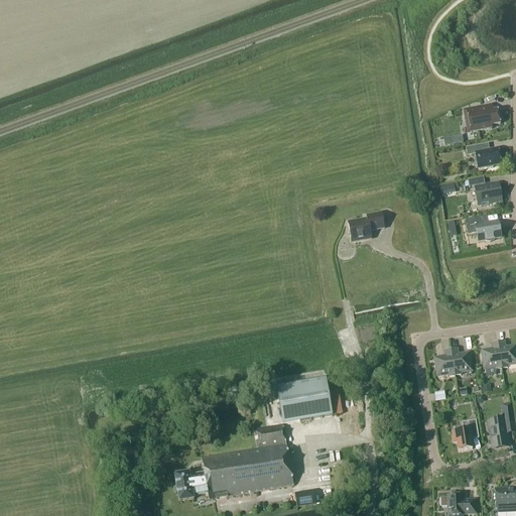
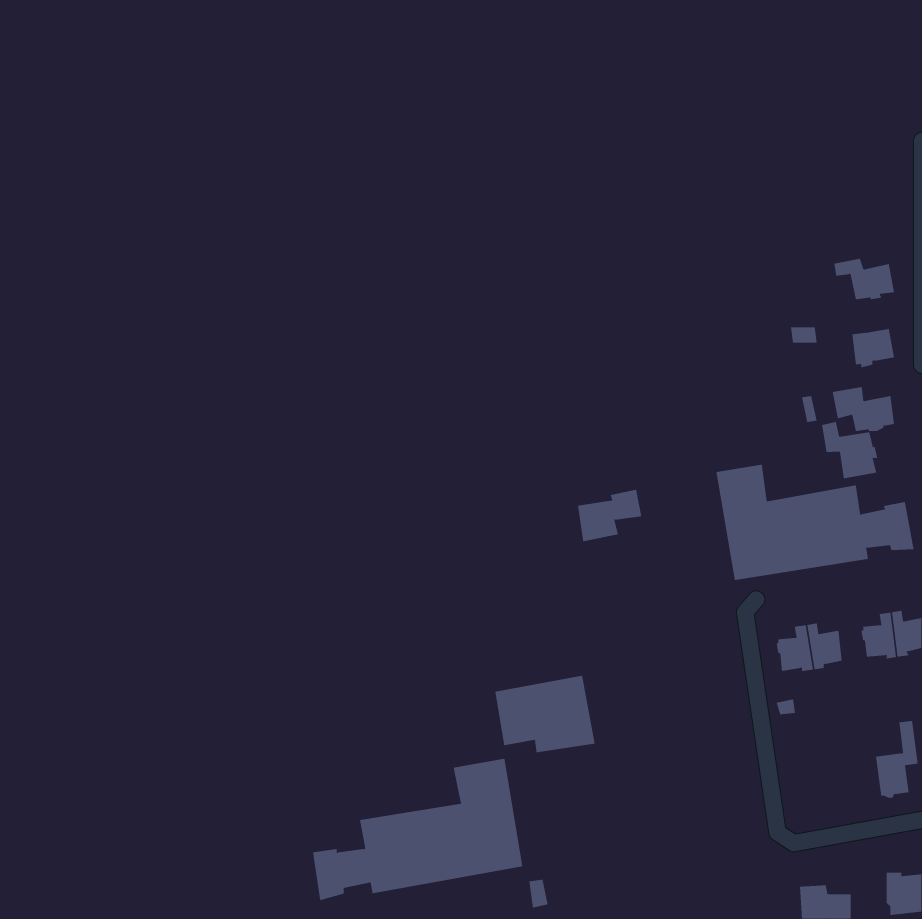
building: [463,106,500,132] -> none
building: [348,212,384,241] -> [577,489,642,542]
building: none -> [822,421,878,479]
building: none -> [716,464,914,581]
building: [452,419,478,449] -> none

